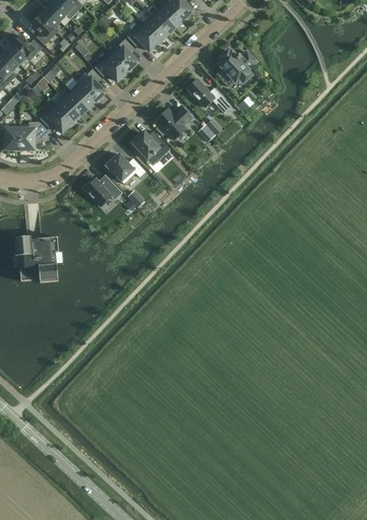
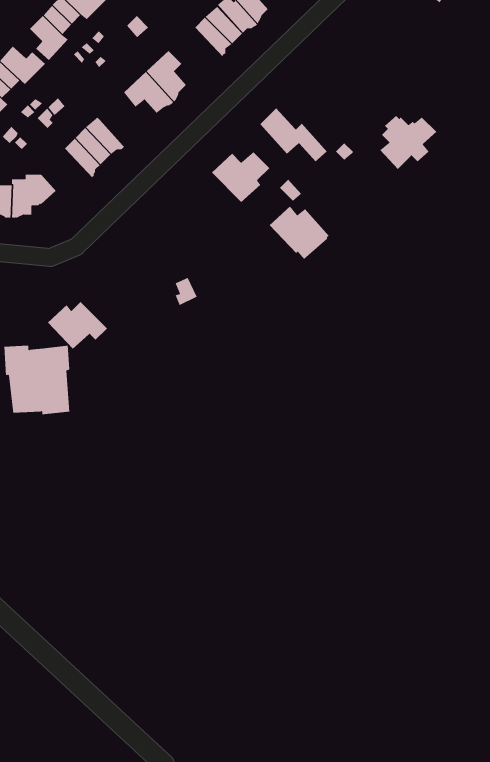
building: [126,22,161,50] -> none
building: [217,50,255,86] -> [380,115,437,170]
building: [78,68,104,104] -> none
building: [39,104,73,131] -> none
building: [128,128,169,165] -> [269,206,329,260]
building: [107,153,144,183] -> none
building: [81,174,122,206] -> [47,301,108,350]

